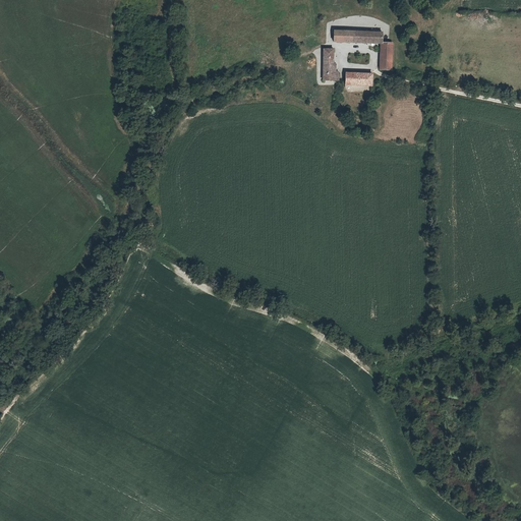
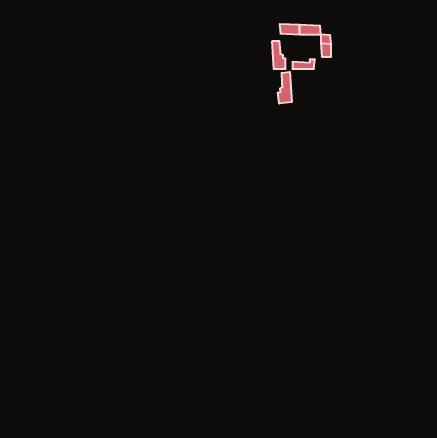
building: none -> [278,72,292,104]

